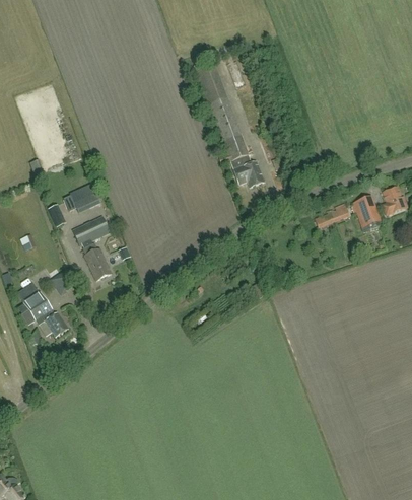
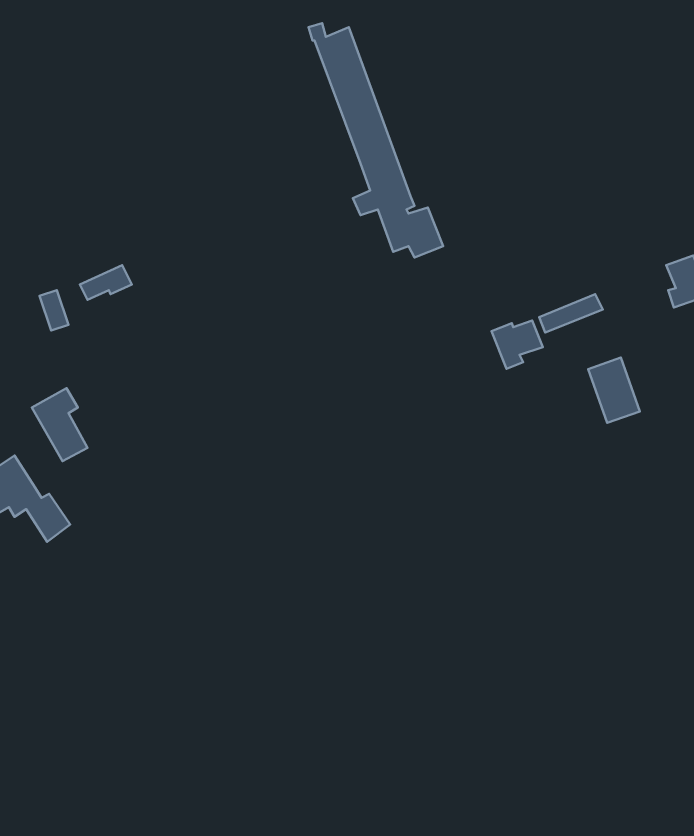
building: [352,196,380,230] -> [588,358,640,423]
building: [72,216,111,279] -> none
building: none -> [491,321,543,369]

